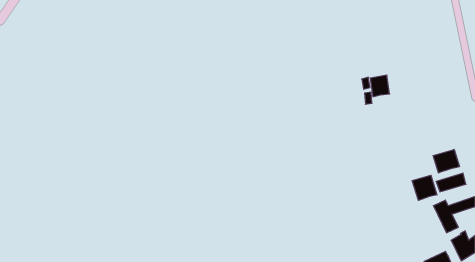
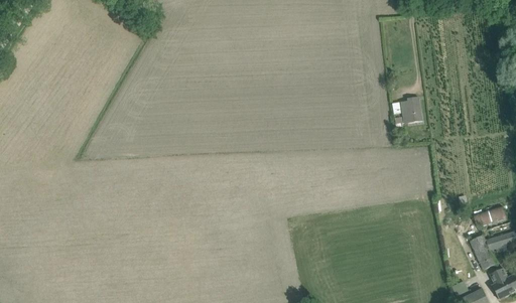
building: [433,149,459,173] -> none
building: [412,175,437,200] -> none

